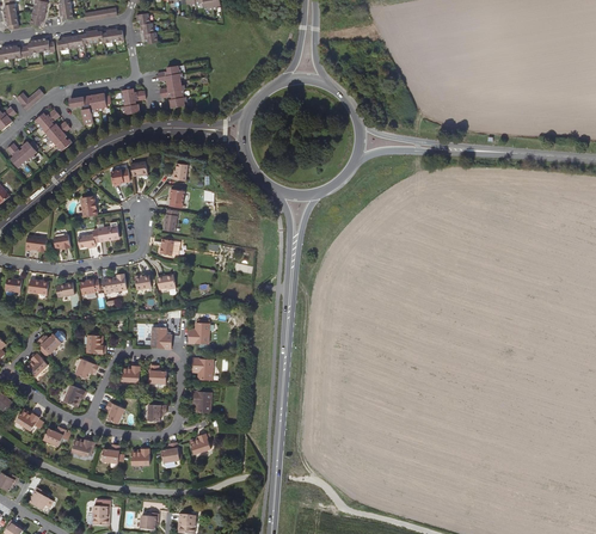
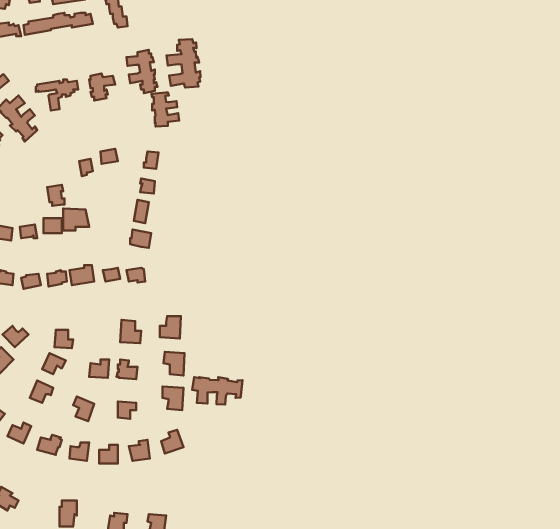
building: none -> [166,39,200,88]
building: none -> [151,92,179,126]
building: none -> [192,377,242,405]

